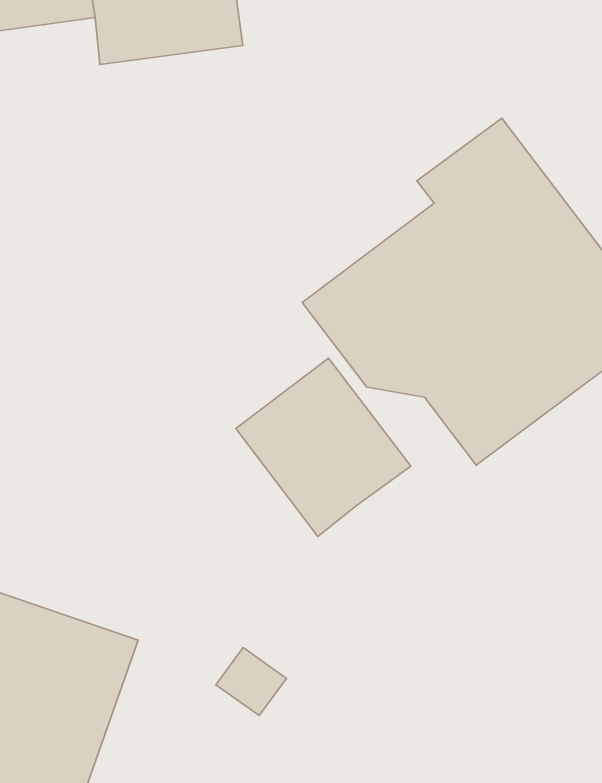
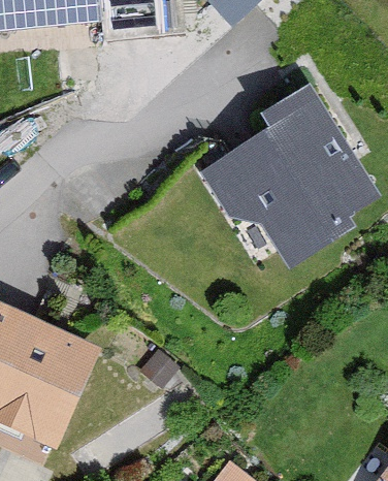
building: [236,358,411,537] -> none

